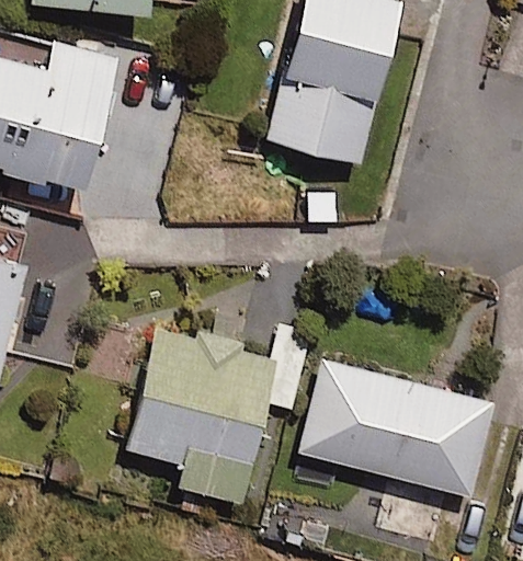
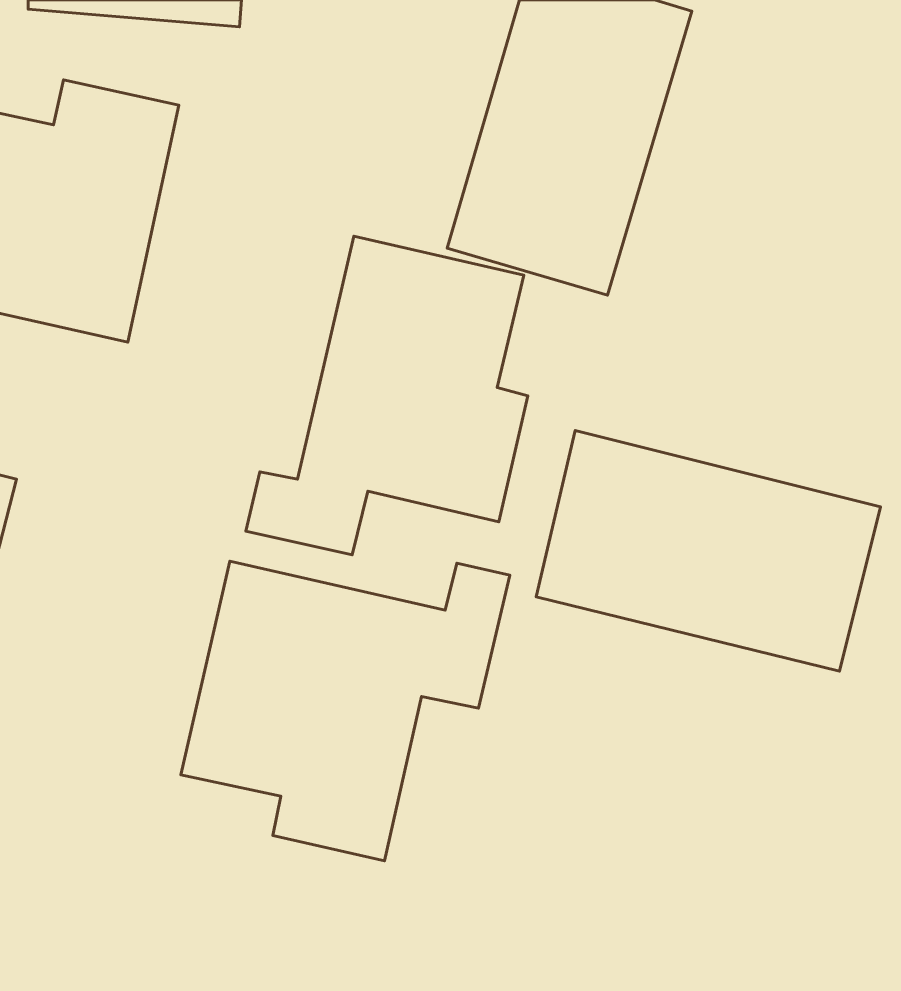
building: none -> [246,236,528,555]
building: [292,347,485,482] -> [536,430,881,671]

